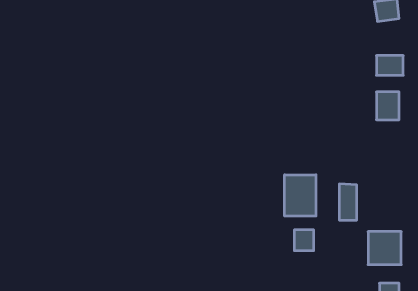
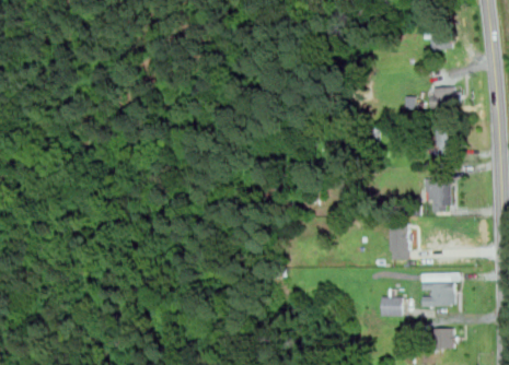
building: none -> [425,179,451,213]
building: [285,175,316,216] -> none
building: [294,230,314,251] -> [382,296,403,318]

